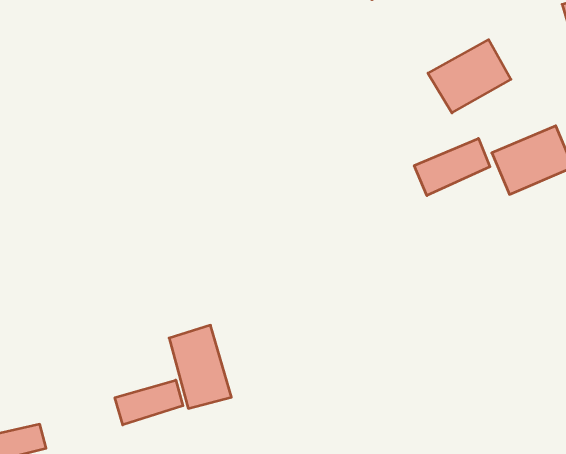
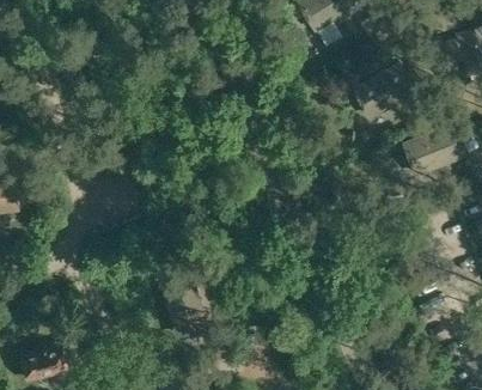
building: [414,138,490,196] -> none
building: [115,380,183,425] -> none

